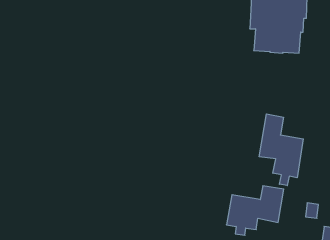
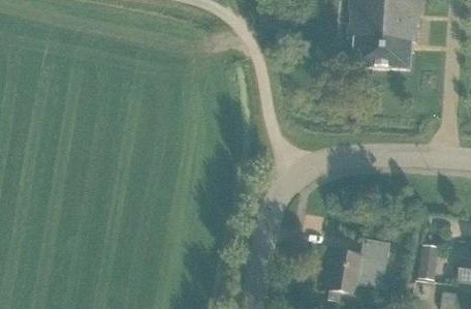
building: [259,114,303,186] -> none

